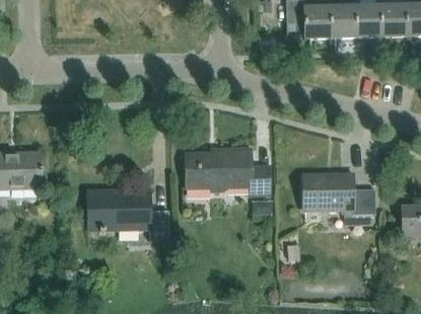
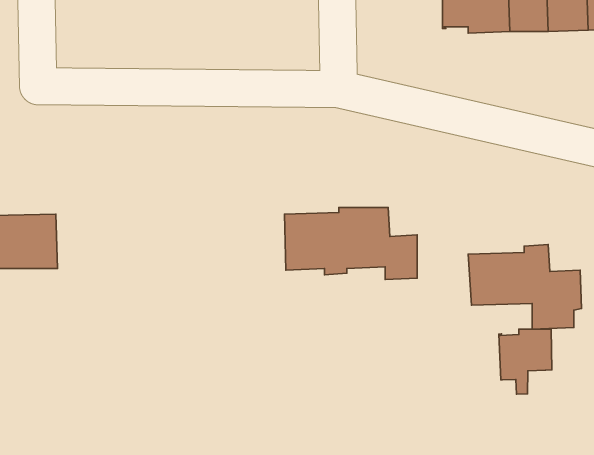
building: [89,189,170,240] -> none
building: none -> [499,329,552,394]

